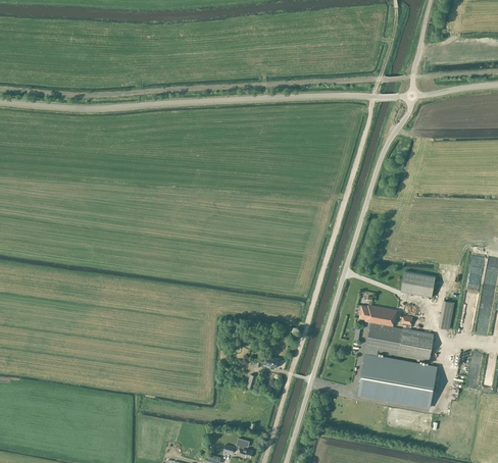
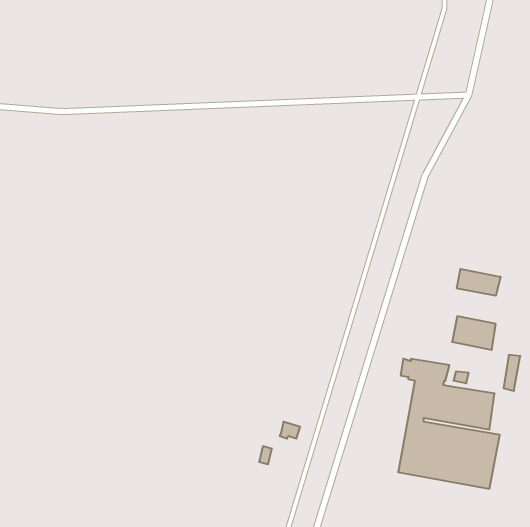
building: none -> [457,269,501,296]

